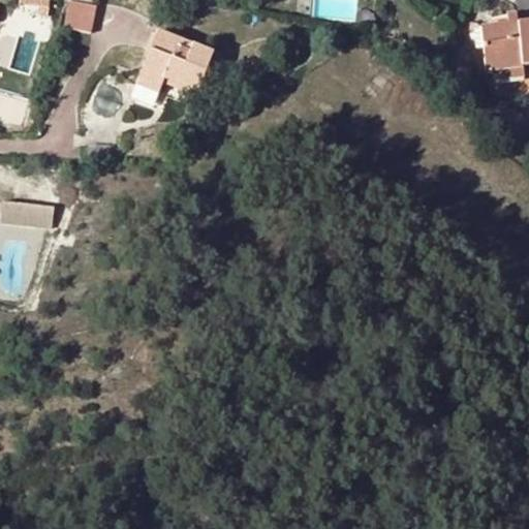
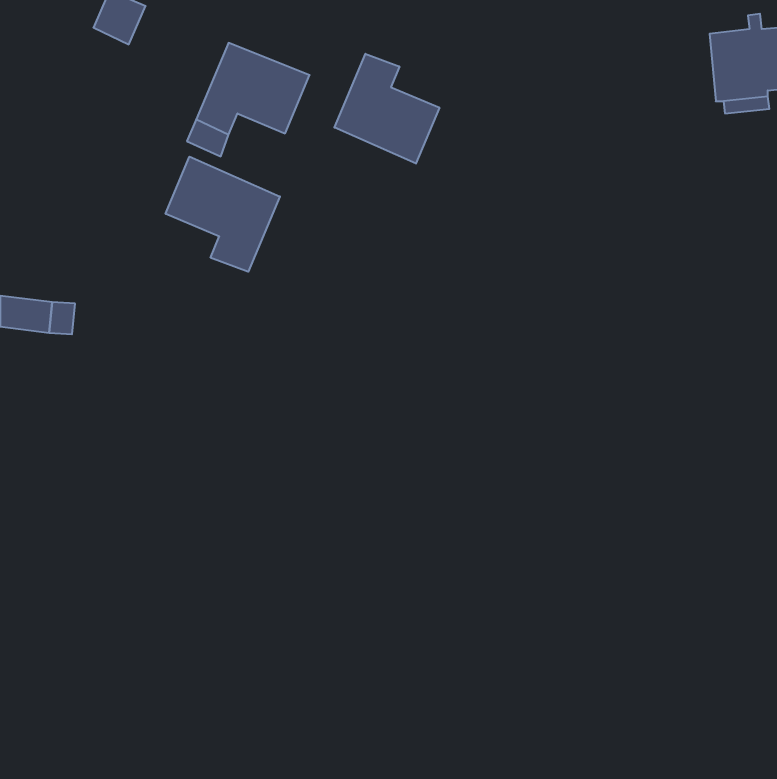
building: none -> [334,54,439,164]
building: none -> [166,157,280,272]

